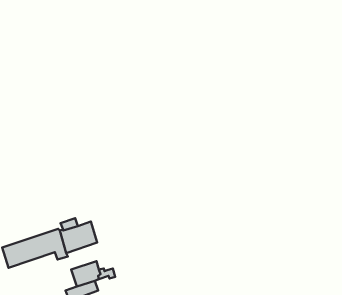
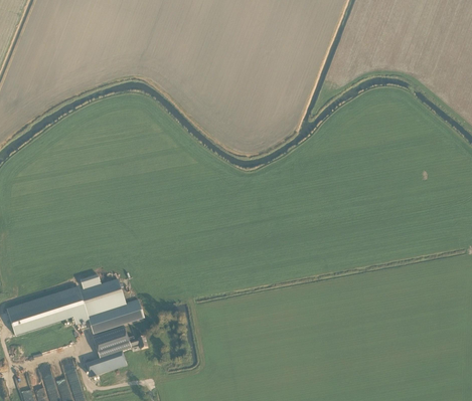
building: none -> [87,298,144,334]

